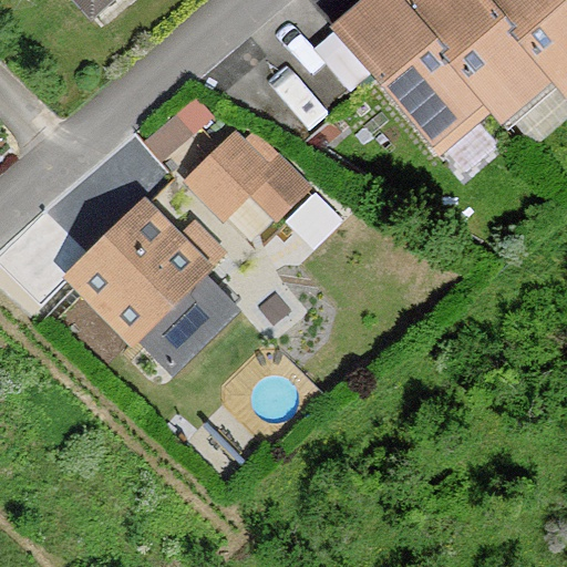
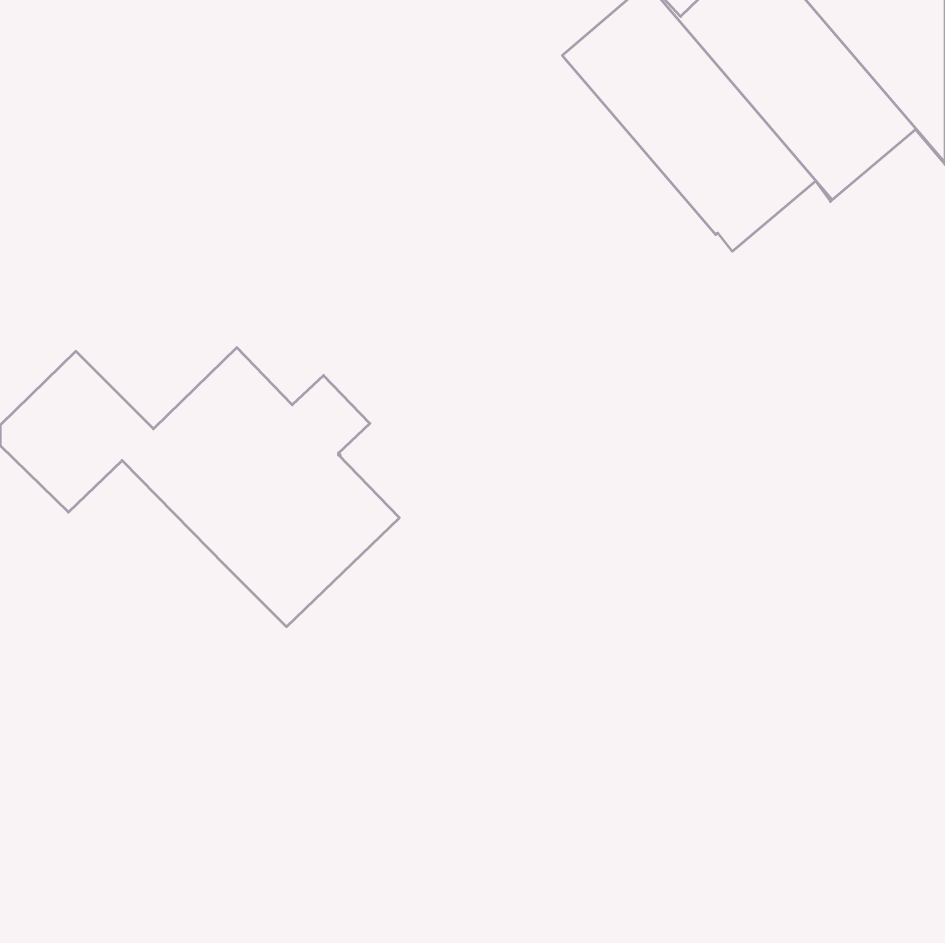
building: [188,137,306,218] -> none

